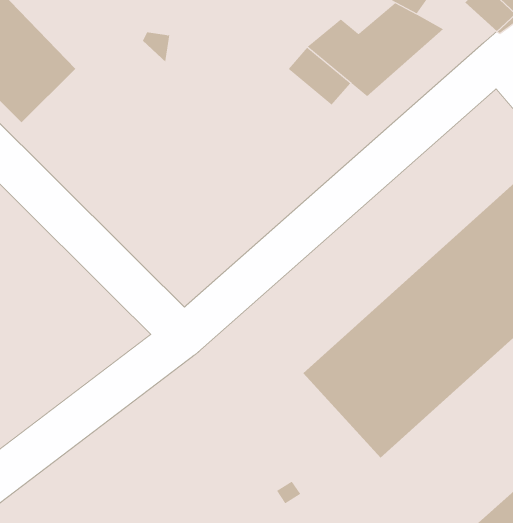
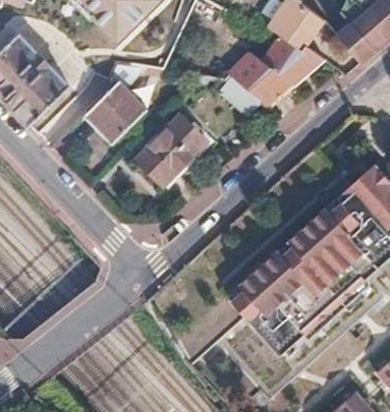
building: none -> [83,73,146,139]
building: none -> [137,113,208,183]

